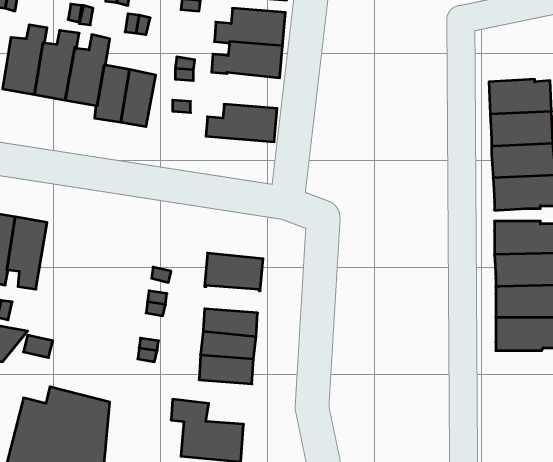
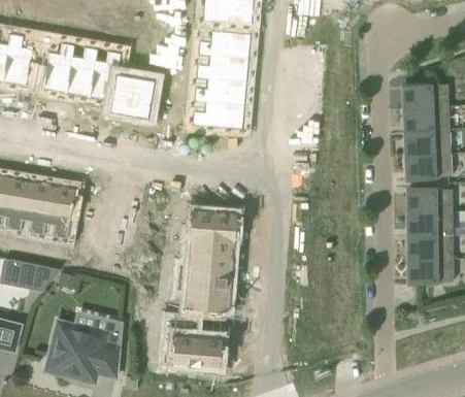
building: none -> [194,77,246,104]
building: none -> [191,235,231,256]

